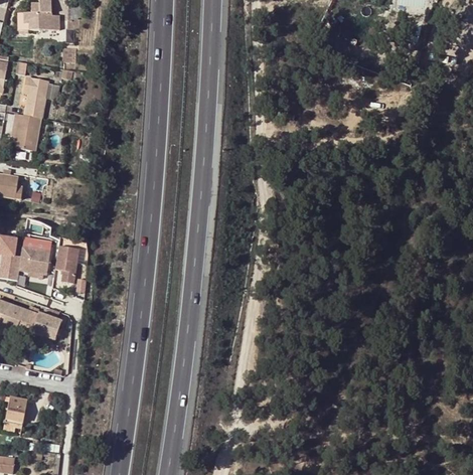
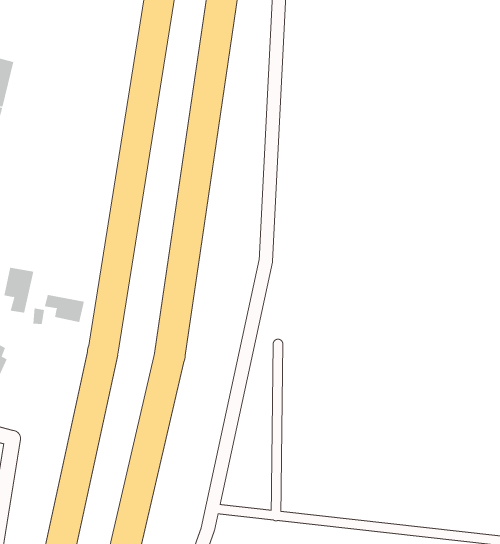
building: none -> [44,294,85,323]

